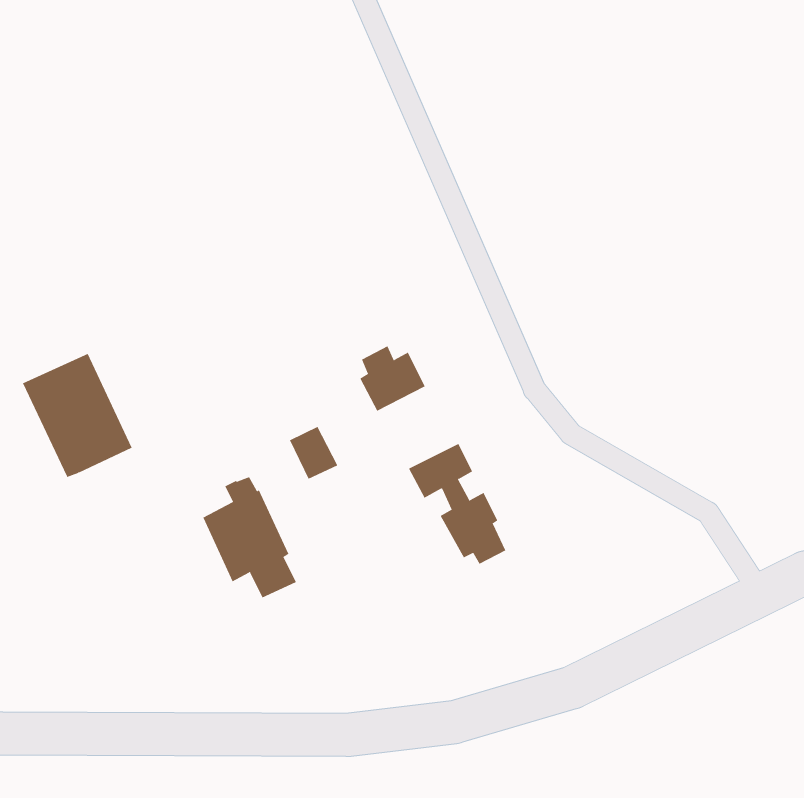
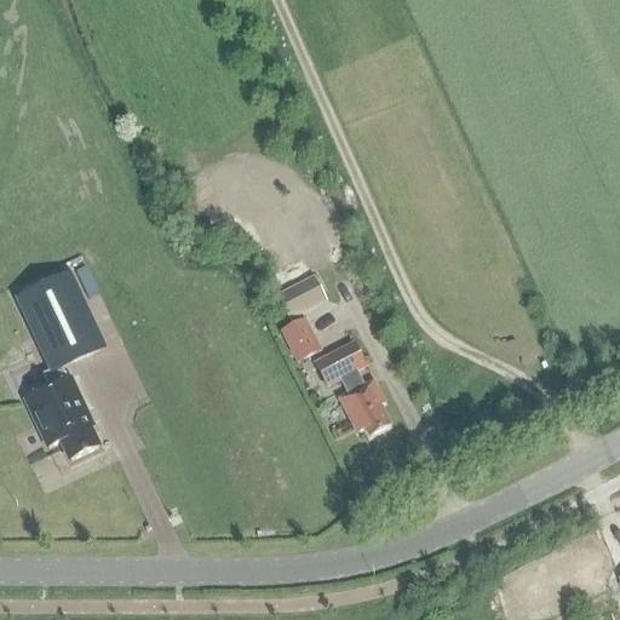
building: [289,426,338,480] -> [282,316,320,357]
building: [202,477,297,598] -> [25,363,98,457]

